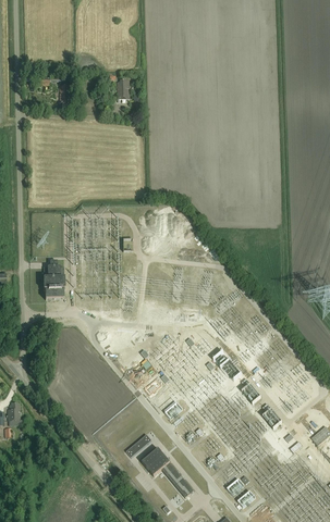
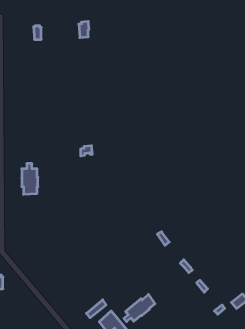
building: none -> [124,294,155,322]

